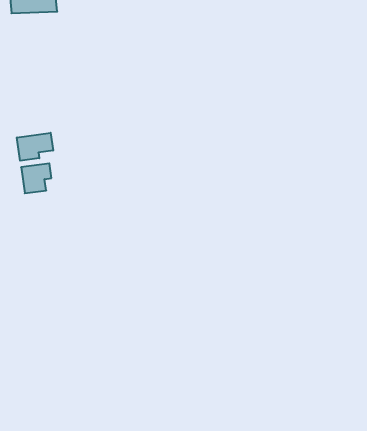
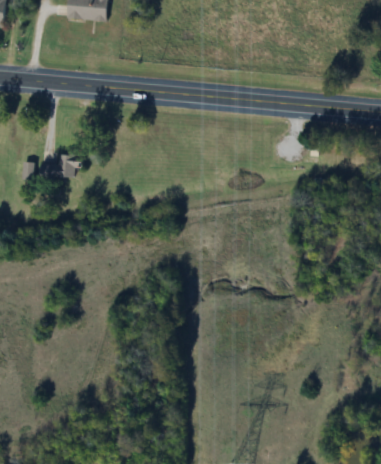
building: [17,133,53,161] -> none

